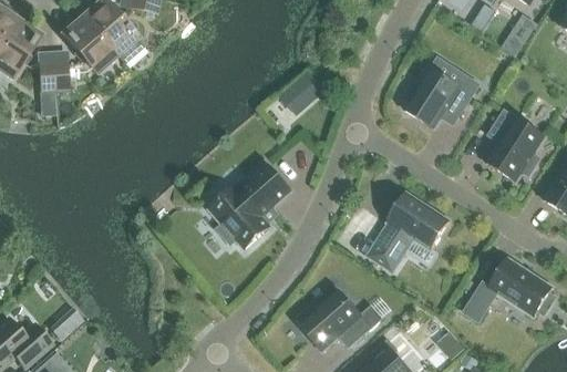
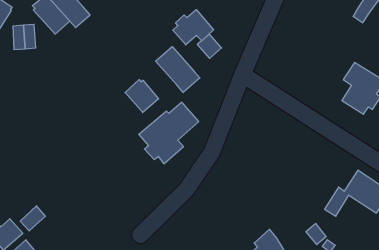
building: none -> [173,10,214,45]
building: [403,68,478,127] -> none
building: none -> [156,47,200,92]
building: none -> [125,80,159,113]
building: [368,192,450,270] -> none
building: [297,289,383,350] -> none

